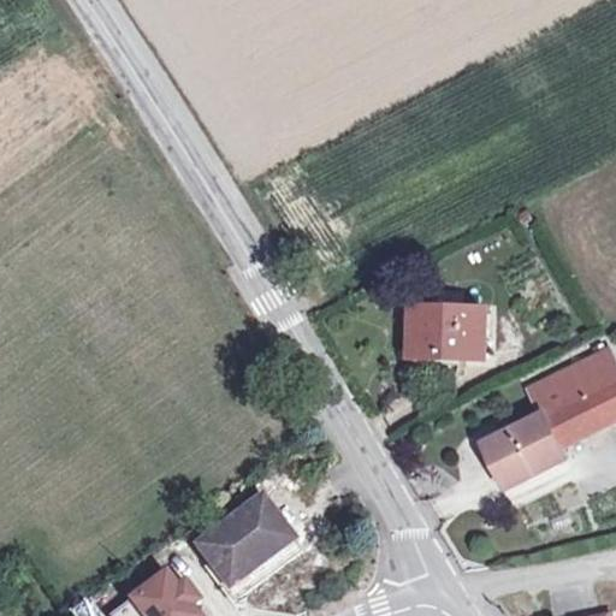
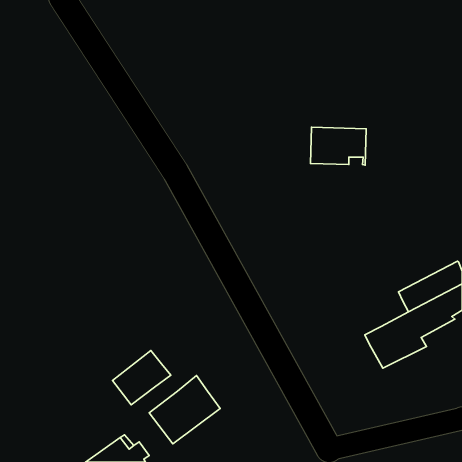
building: [409,307,482,357] -> [311,127,366,165]
building: none -> [112,351,171,405]

